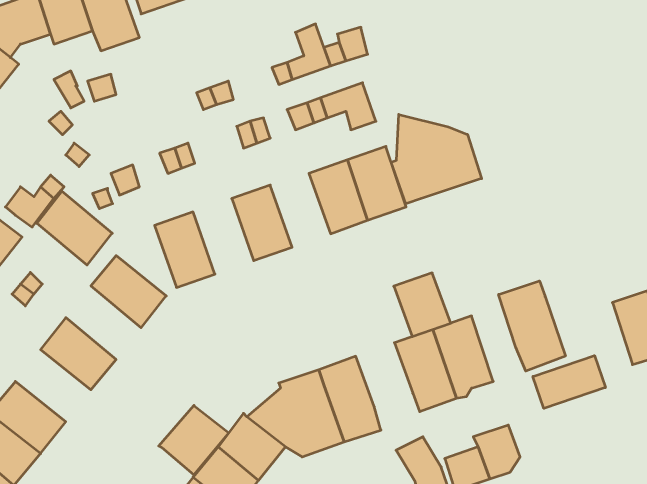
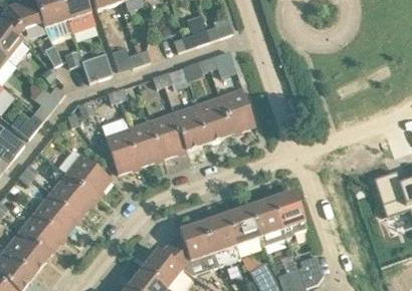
building: none -> [82,53,112,81]
building: [391,114,482,204] -> none
building: none -> [174,104,210,149]
building: [37,191,112,265] -> [51,172,96,216]
building: none -> [128,119,164,165]
building: [394,273,451,337] -> [225,206,259,244]
building: [499,281,565,371] -> none
building: none -> [21,210,66,253]
building: [533,356,605,408] -> none
building: [159,405,229,475] -> none

